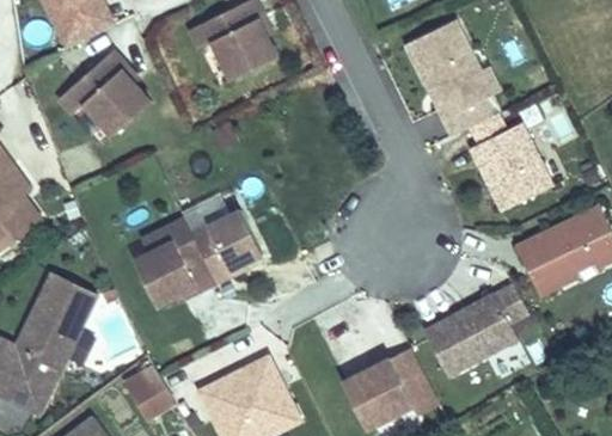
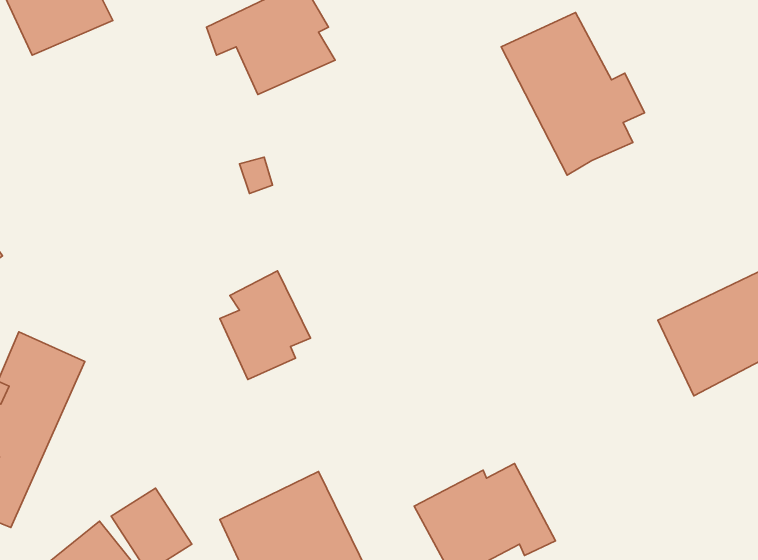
building: [56,49,152,141] -> none
building: [464,113,557,217] -> none
building: [130,215,216,315] -> none
building: [421,282,534,382] -> none

